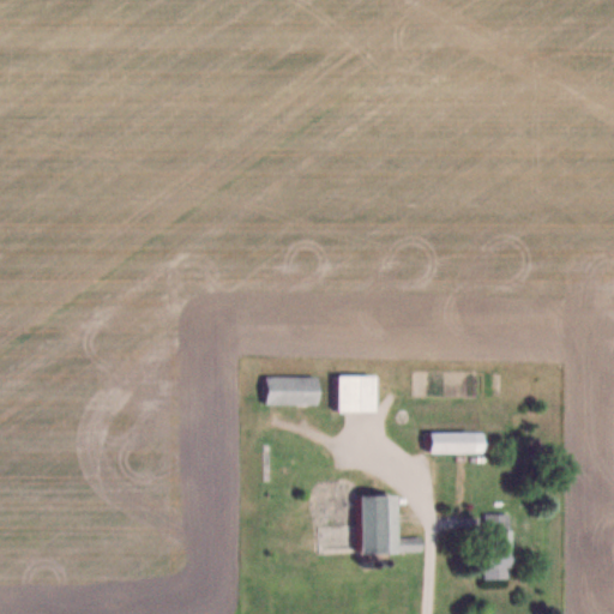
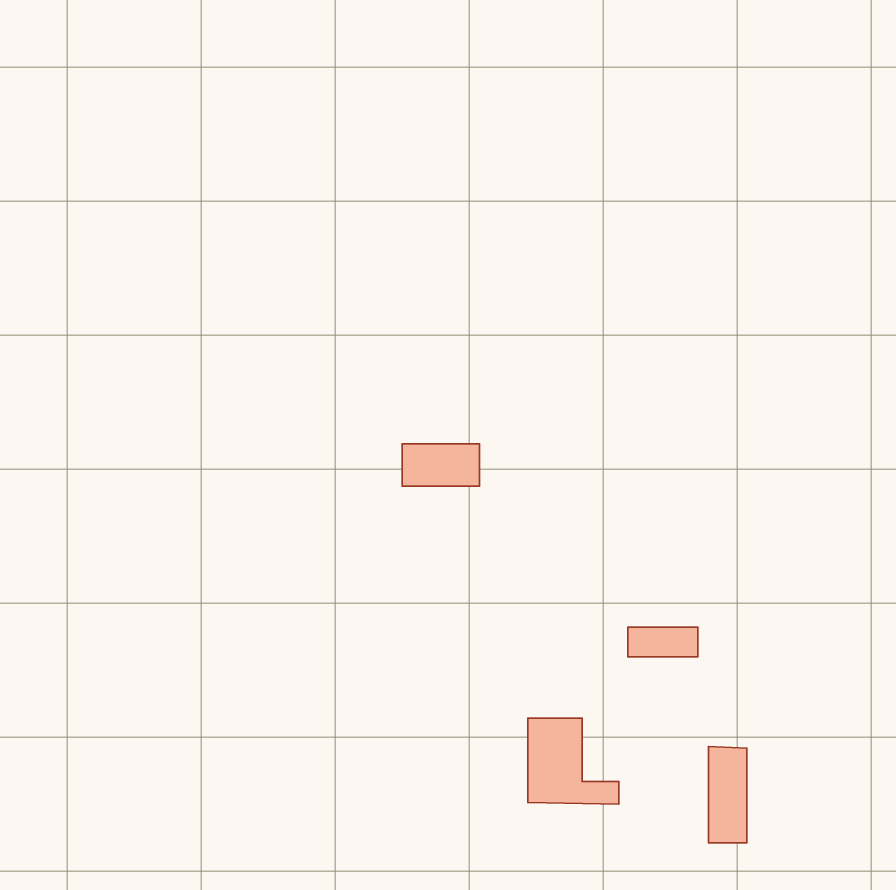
building: [339,375,378,413] -> none
building: [266,378,319,407] -> [402,444,479,486]

